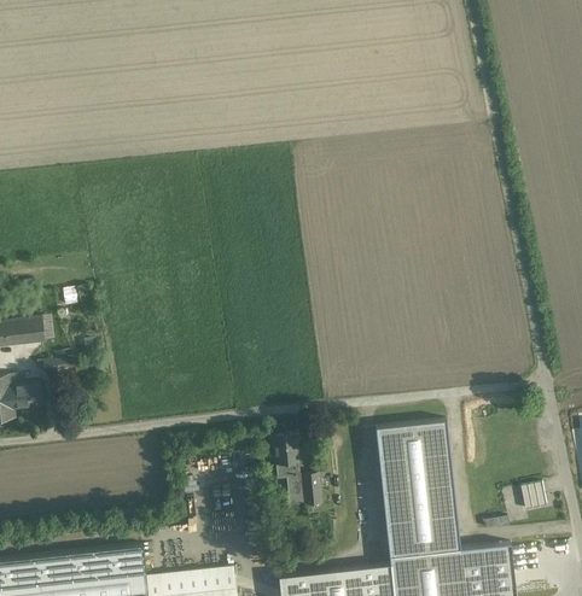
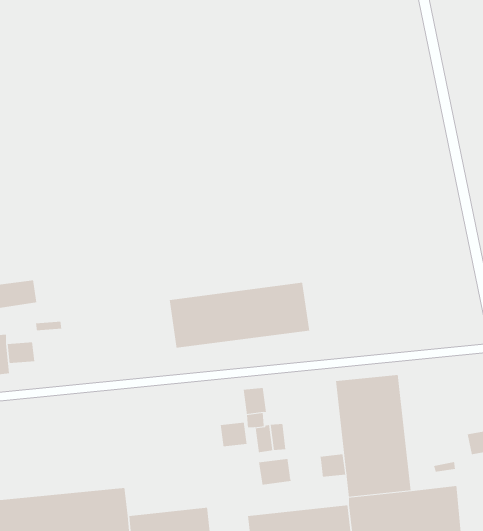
building: none -> [169,282,310,349]
building: none -> [220,422,247,447]
building: none -> [320,454,346,478]
building: none -> [259,458,291,485]

